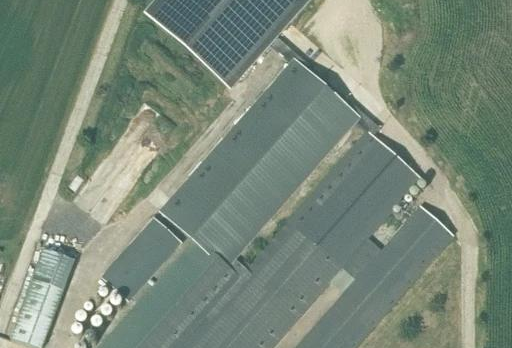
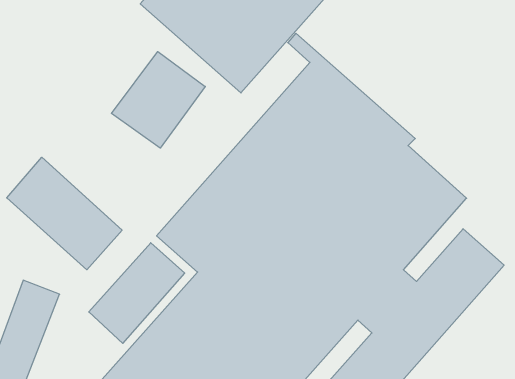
building: none -> [111,52,205,148]
building: none -> [7,157,122,270]

